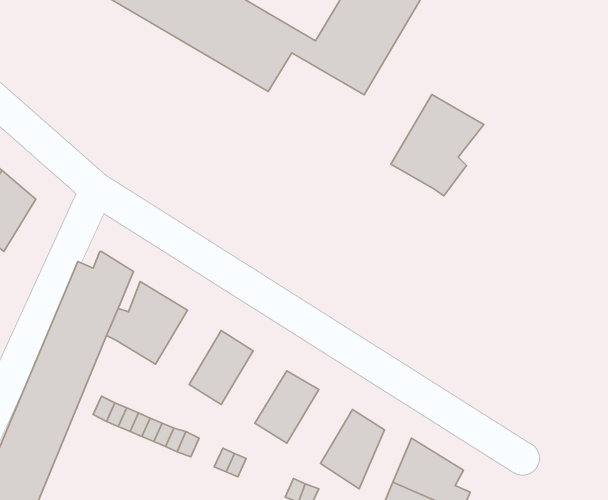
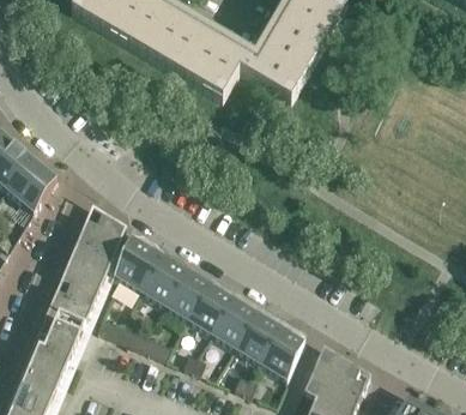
building: [391,95,484,196] -> none
building: none -> [141,253,188,306]
building: none -> [188,282,235,333]
building: none -> [235,309,282,362]

